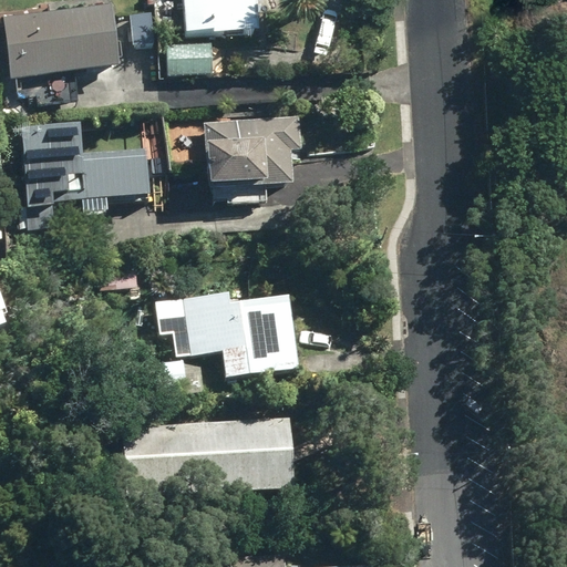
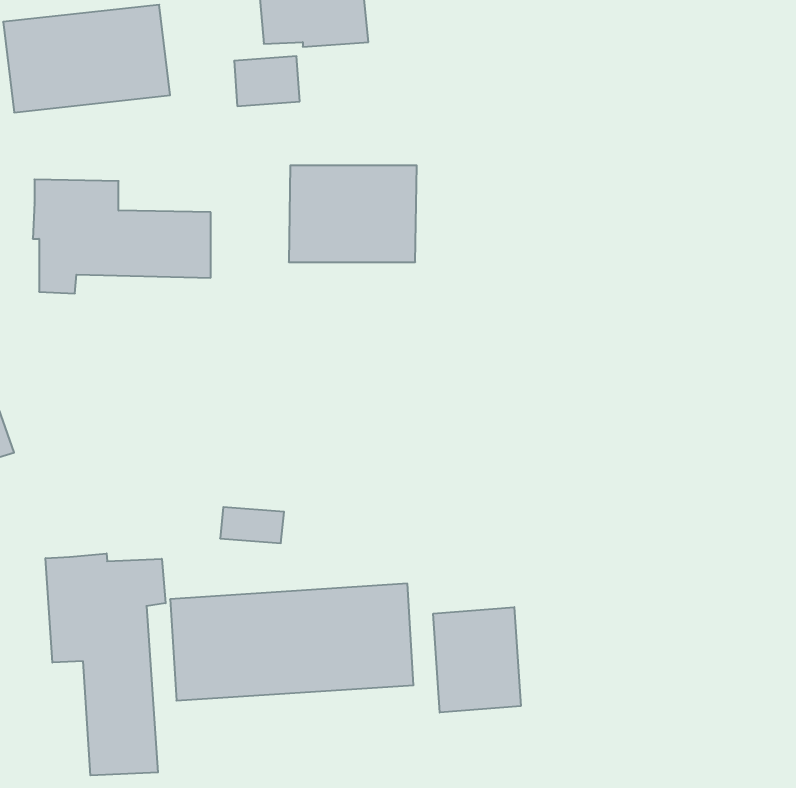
building: [154,292,298,375] -> none
building: none -> [46,553,166,775]
building: none -> [433,607,521,713]

